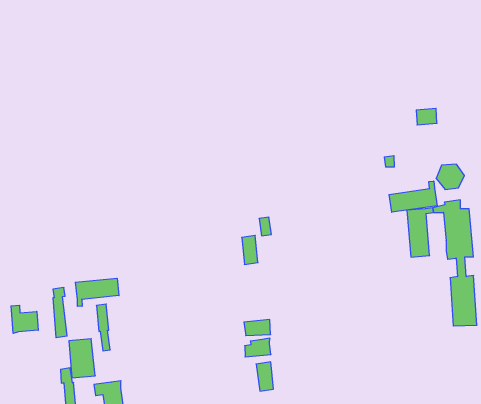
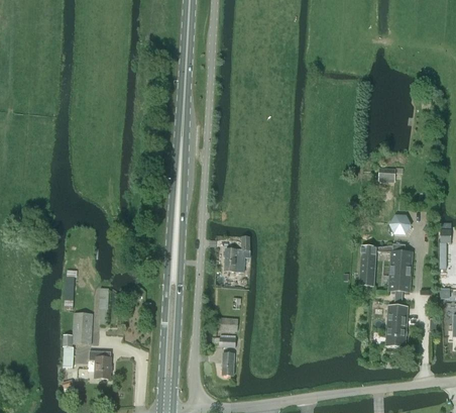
building: [389,181,437,212] -> none
building: [75,278,119,306] -> none
building: [11,305,38,333] -> none

